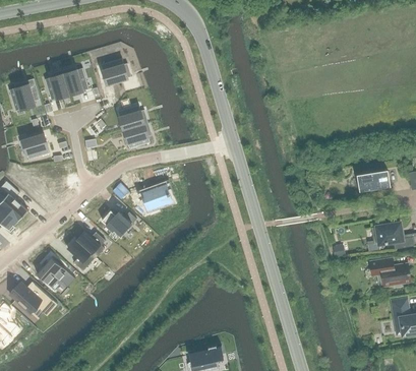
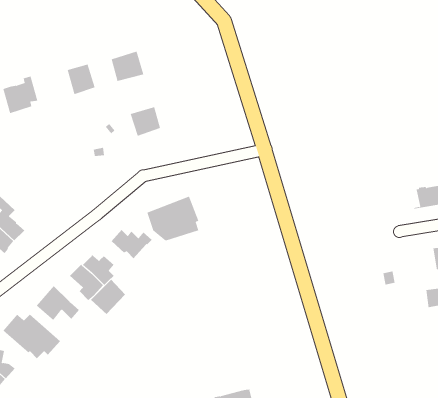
building: [44,73,69,100] -> none
building: [123,123,150,148] -> none
building: [20,134,49,160] -> none
building: none -> [90,279,126,315]

